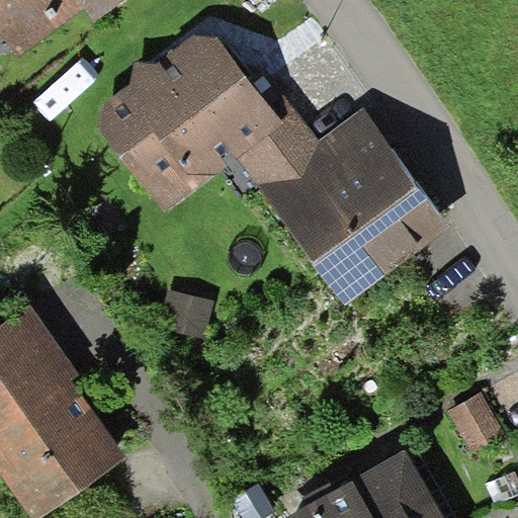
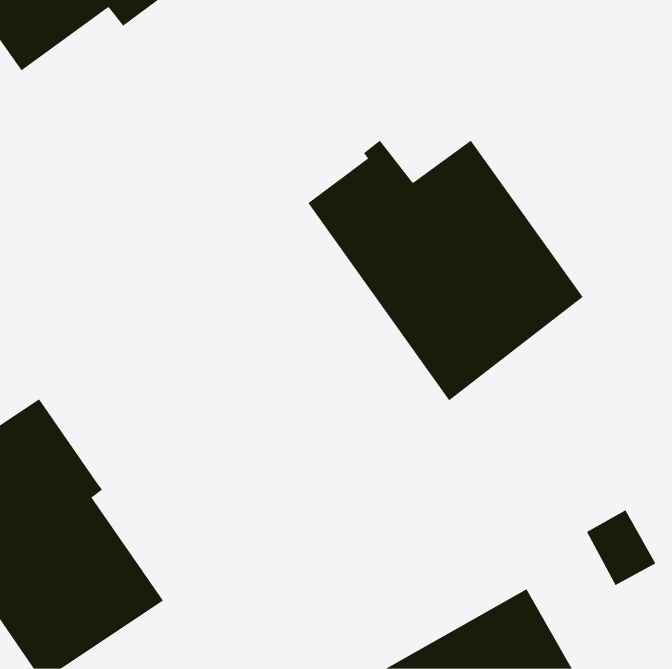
building: [98,35,281,211] -> none

